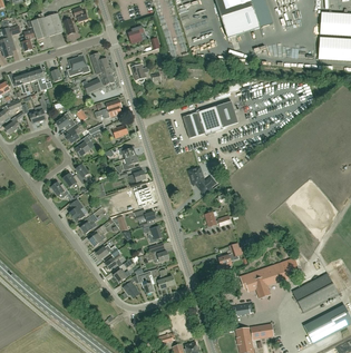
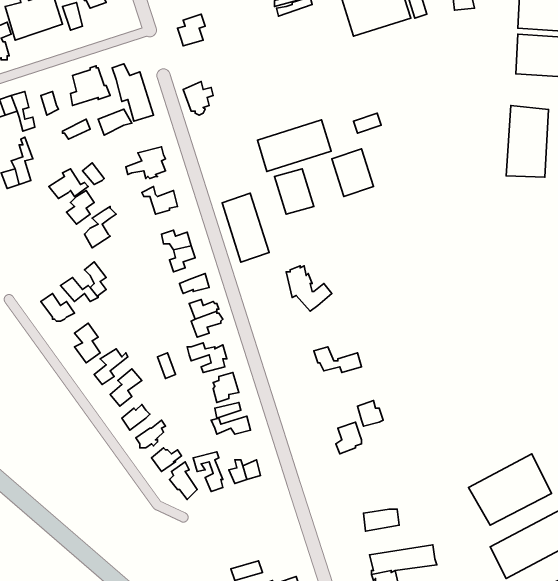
building: none -> [506,105,549,177]
building: none -> [257,120,331,172]
building: none -> [222,193,269,262]
building: [241,257,300,296] -> none

